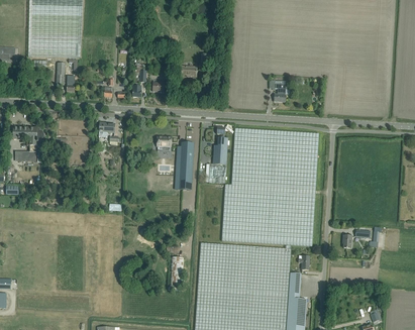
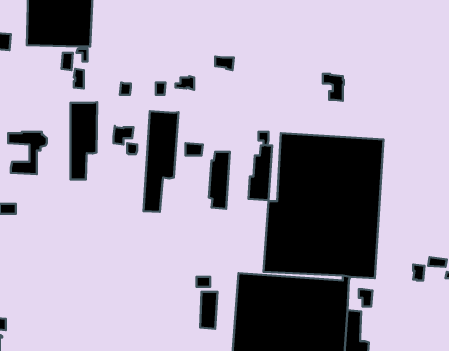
building: none -> [71,102,97,180]
building: none -> [143,111,179,212]

